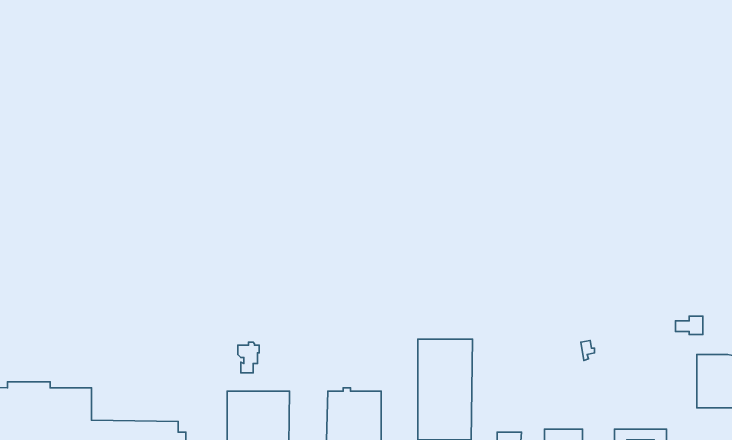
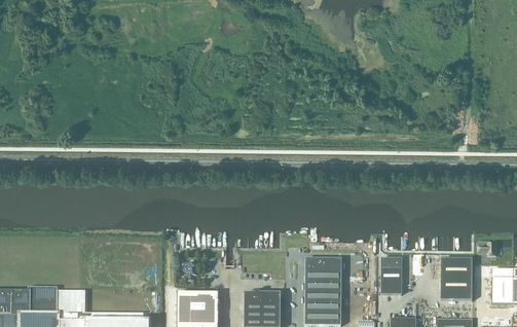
building: none -> [380,257,401,293]
building: none -> [441,257,472,299]

